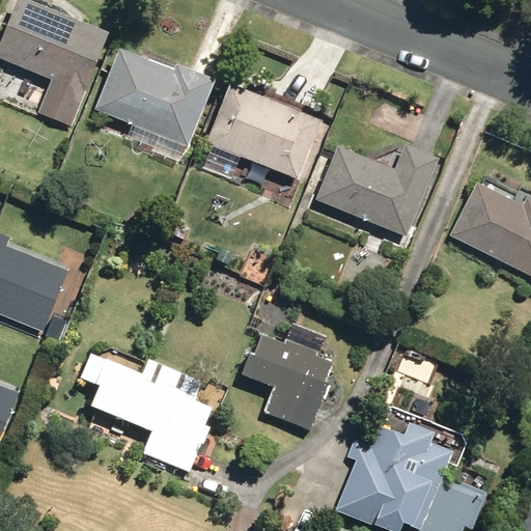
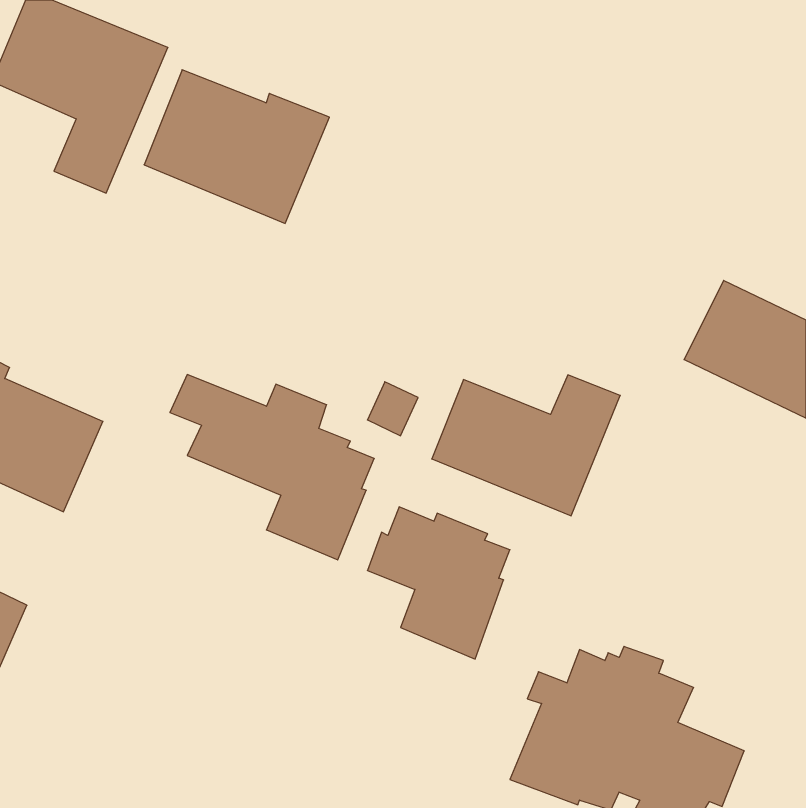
building: [206,83,322,178] -> none
building: [317,143,441,235] -> [432,375,620,516]
building: [79,353,213,474] -> [170,375,374,560]

